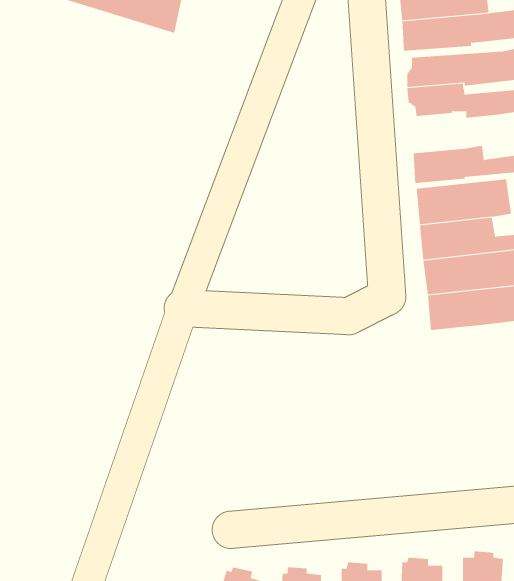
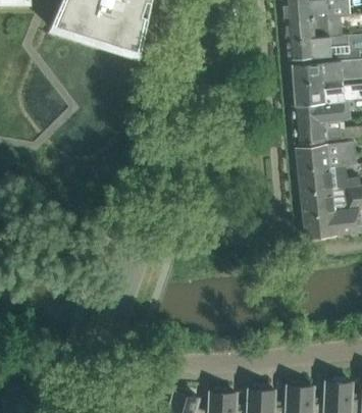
building: none -> [291,101,350,125]

